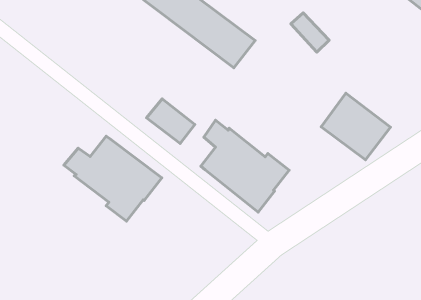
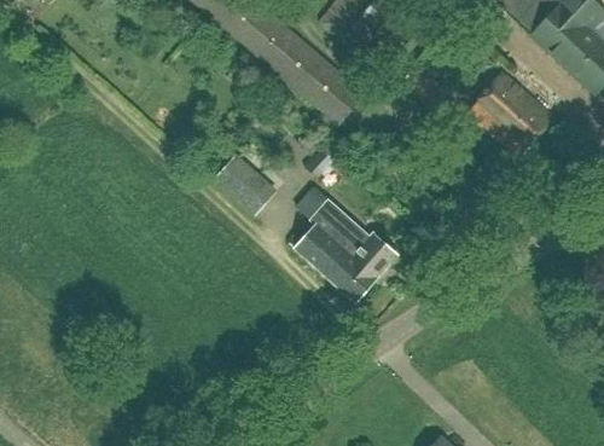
building: [321,93,390,160] -> [466,73,550,155]
building: [64,136,162,221] -> none

